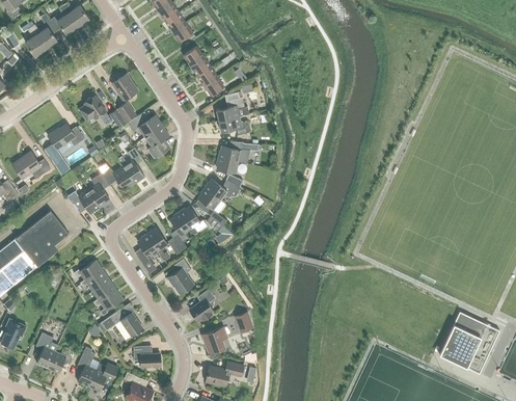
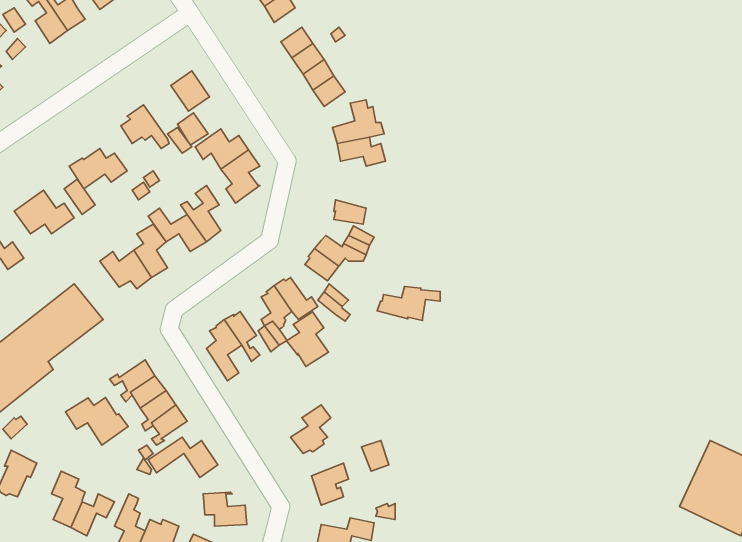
building: [218,141,259,163] -> [377,287,440,320]
building: [167,259,194,294] -> [287,312,329,367]
building: none -> [66,398,128,445]

